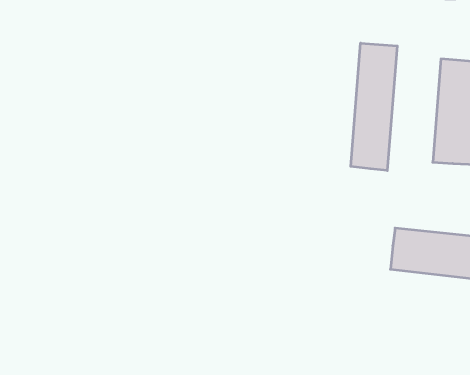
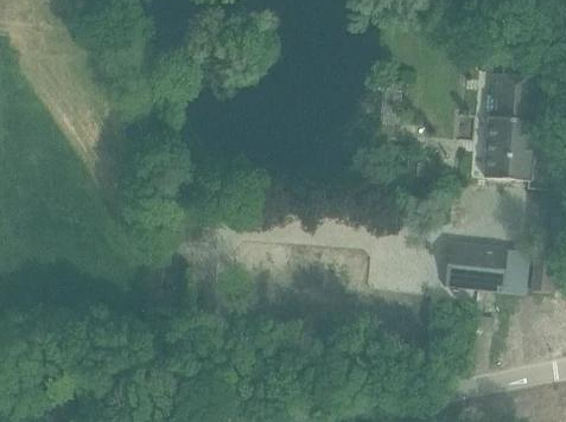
building: [351,43,397,171] -> none

